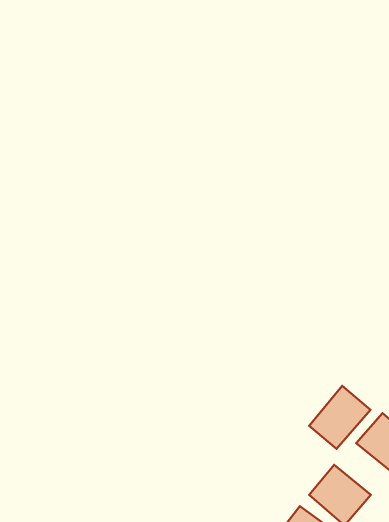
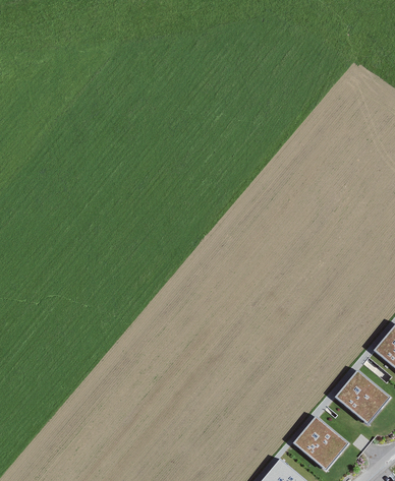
building: [309,386,370,449] -> none

